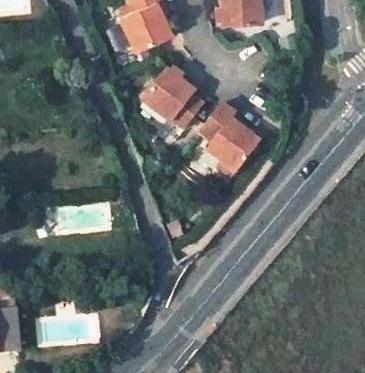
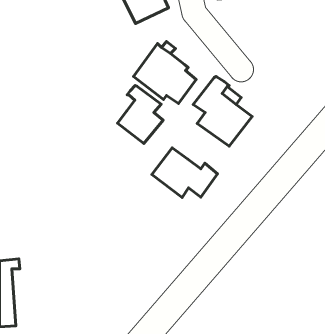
building: none -> [117,86,163,143]
building: none -> [152,148,218,198]

